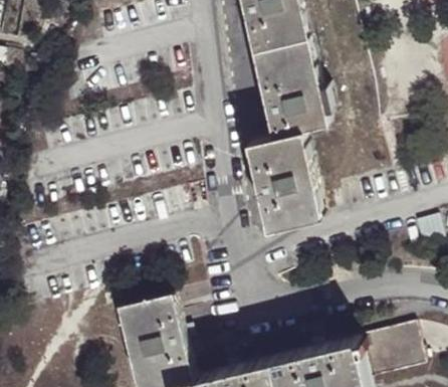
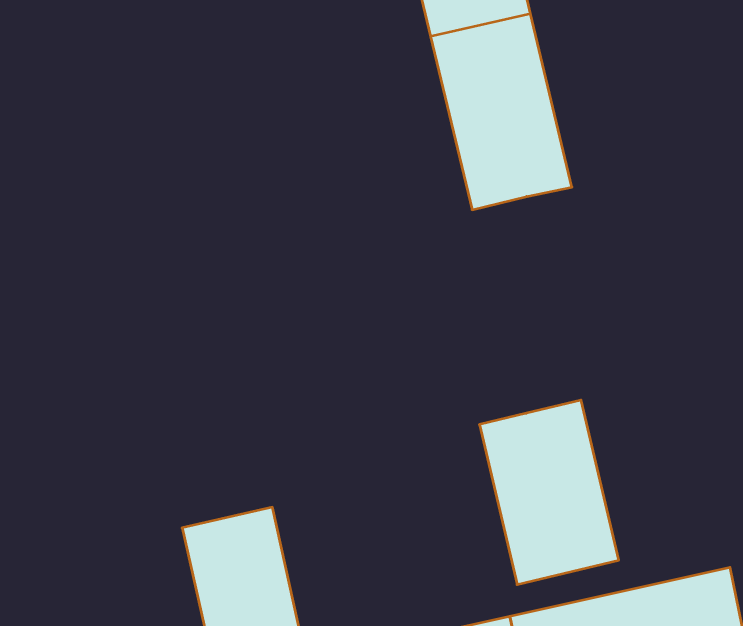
building: [248,133,322,231] -> [479,400,619,585]

